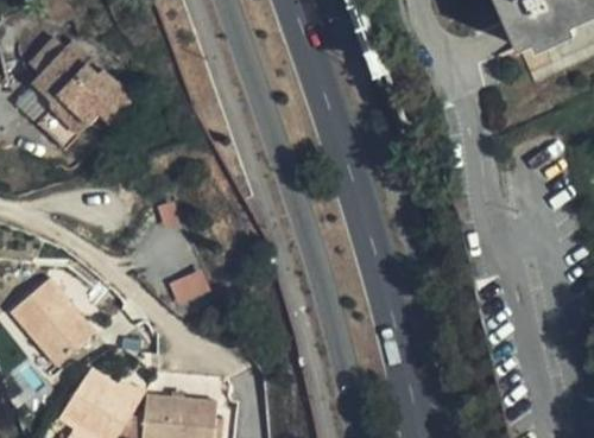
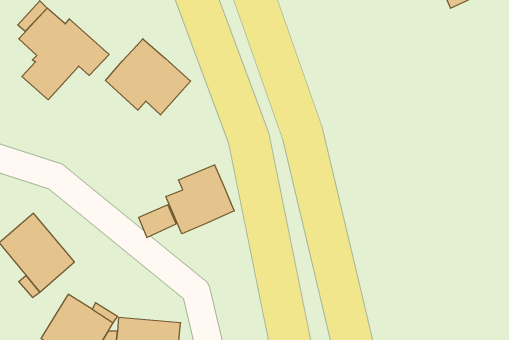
building: none -> [105,39,191,115]
building: none -> [166,165,234,234]

